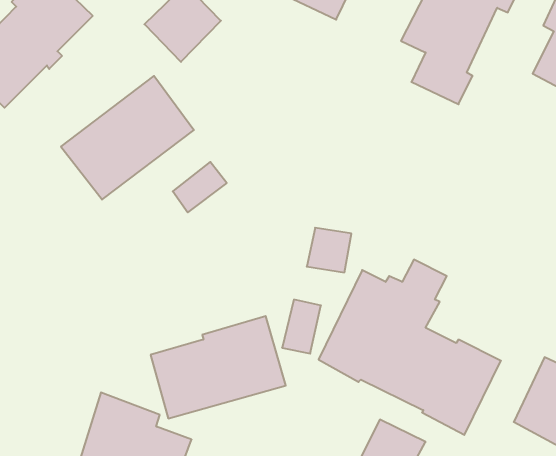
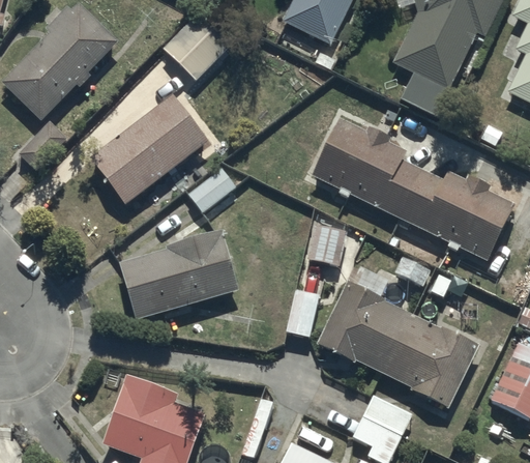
building: none -> [313,116,512,260]
building: [151,316,286,418] -> [121,228,240,318]

